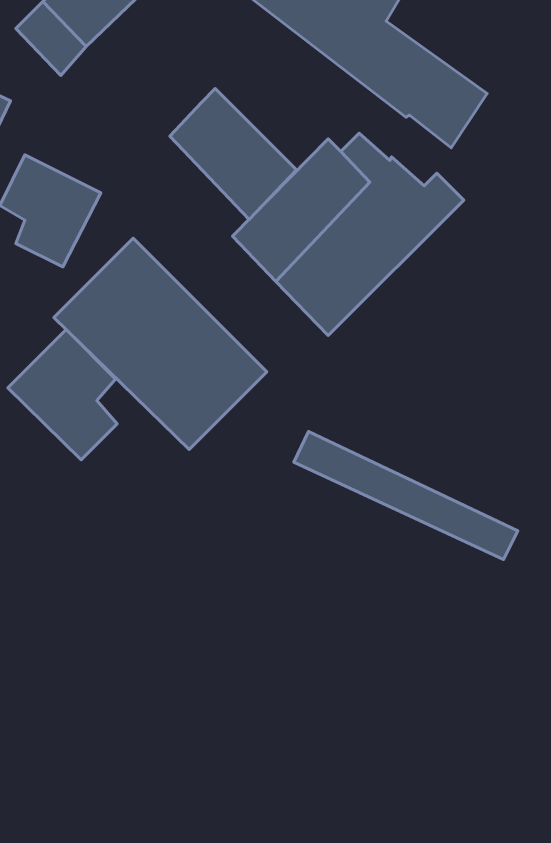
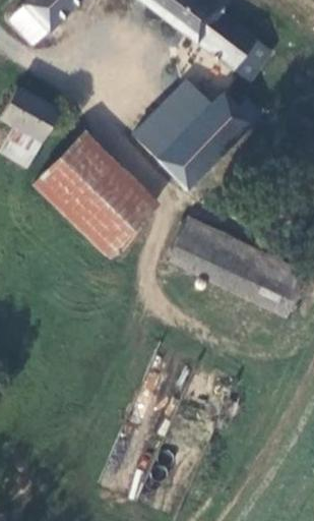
building: [170,89,297,219] -> none
building: [8,330,117,460] -> none
building: none -> [176,215,307,299]

